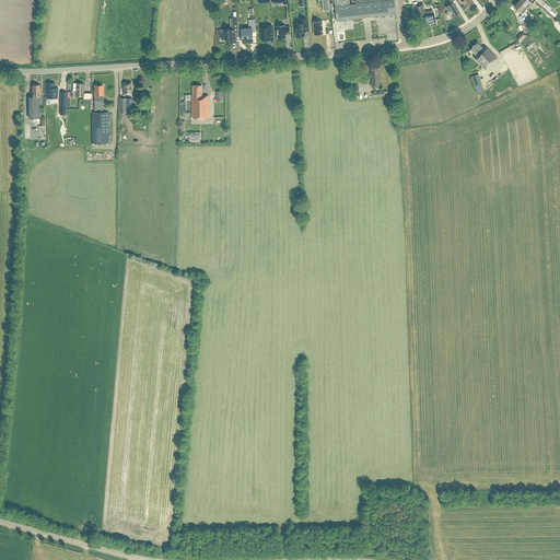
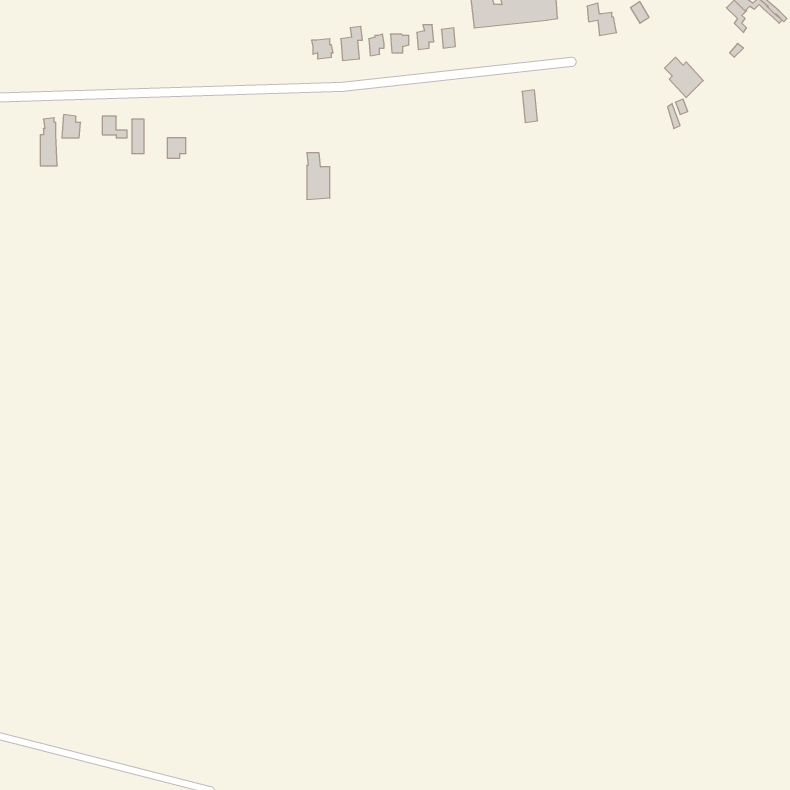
building: [191,84,208,117] -> [307,153,330,199]
building: [91,112,108,142] -> none

